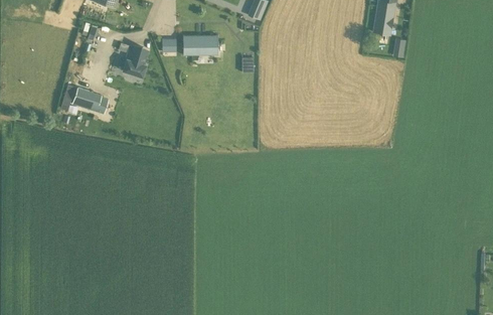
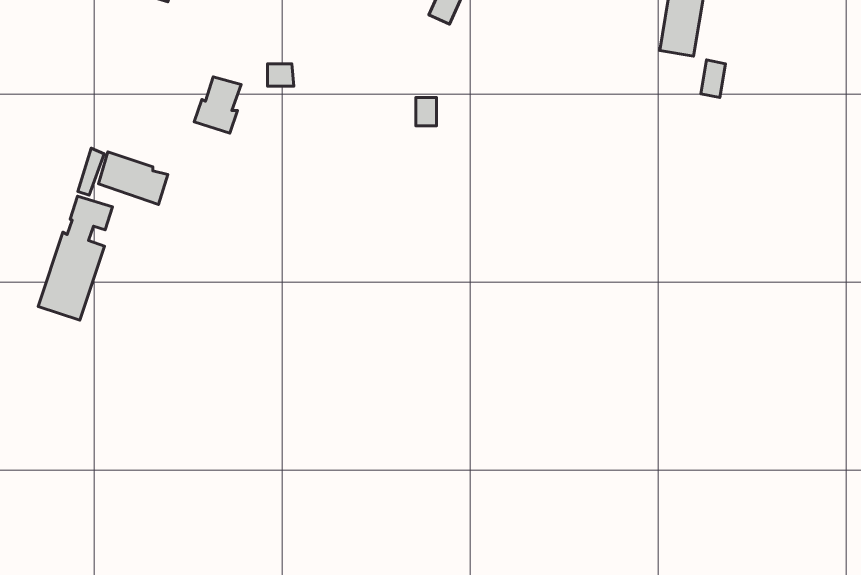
building: [182,34,217,54] -> none
building: none -> [38,196,113,320]

